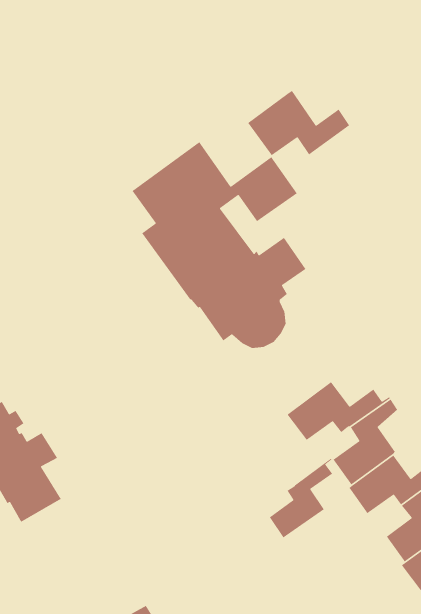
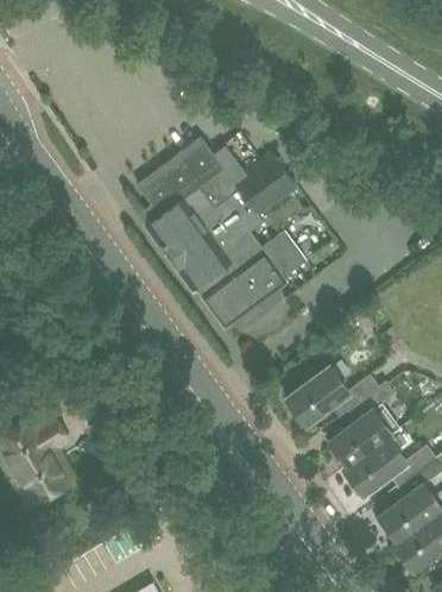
building: [247,90,350,156] -> none
building: [269,458,333,538] -> none

